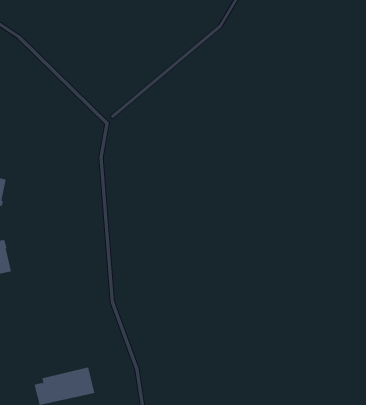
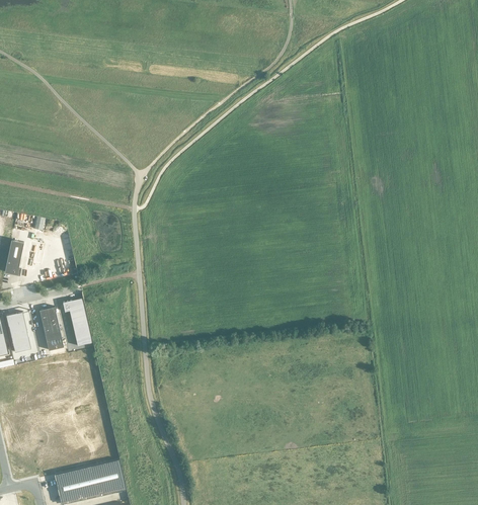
building: none -> [62,299,91,346]
building: none -> [38,307,63,350]

